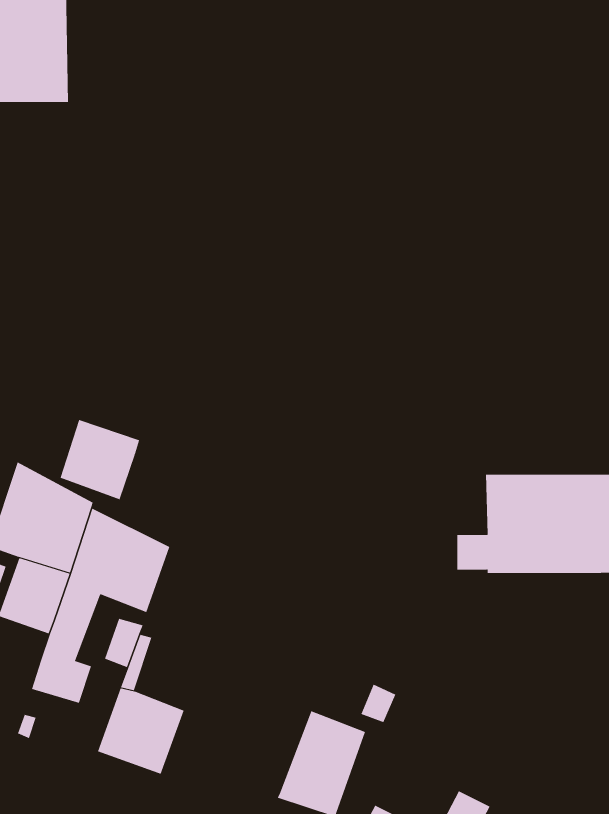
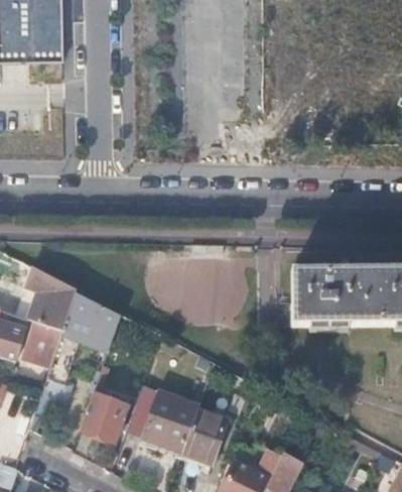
building: [60,419,140,500] -> none
building: none -> [127,384,200,453]

